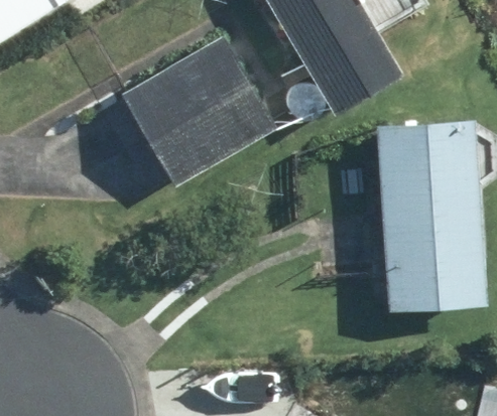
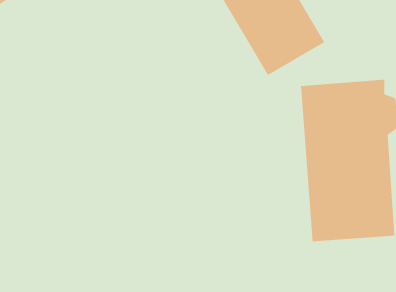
building: [121,36,276,187] -> none

